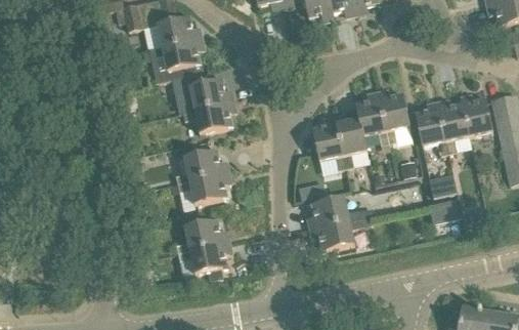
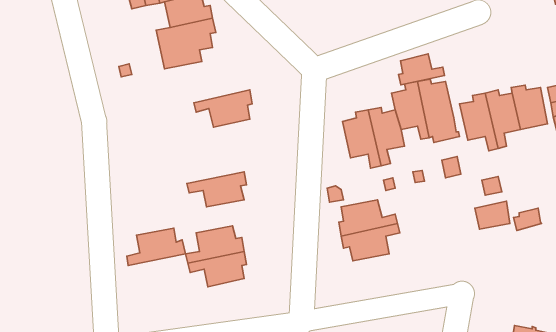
building: none -> [398,54,445,85]
building: [181,79,231,112] -> none
building: [175,150,226,182] -> [127,228,186,266]

